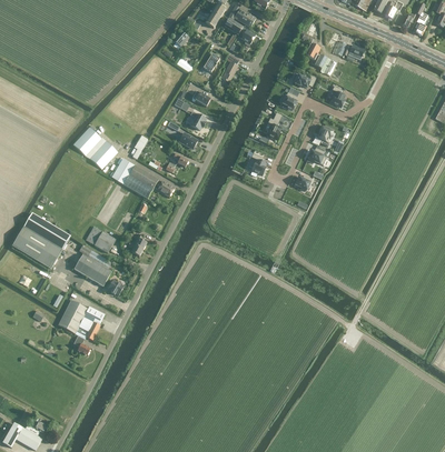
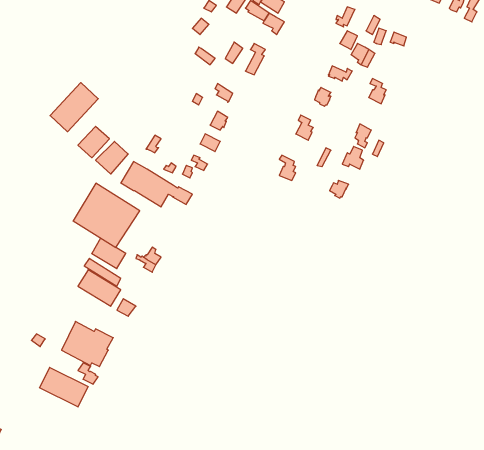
building: none -> [50,83,98,132]
building: [11,211,70,268] -> [73,183,140,247]
building: none -> [40,367,88,407]

